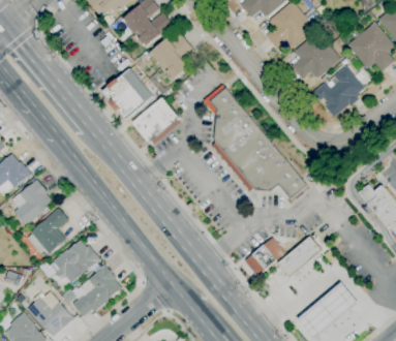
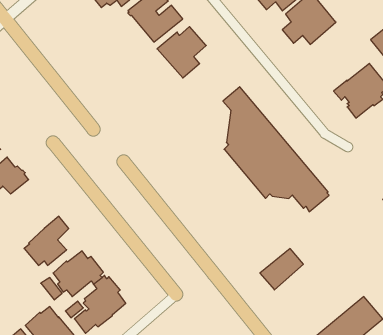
building: [292,31,341,79] -> none
building: [103,68,155,120] -> none
building: [132,97,180,144] -> none
building: [12,179,53,225] -> none
building: [277,236,323,278] -> none

